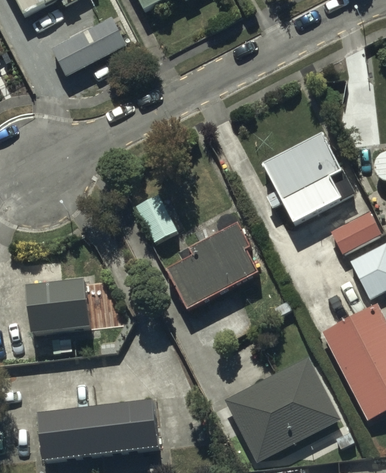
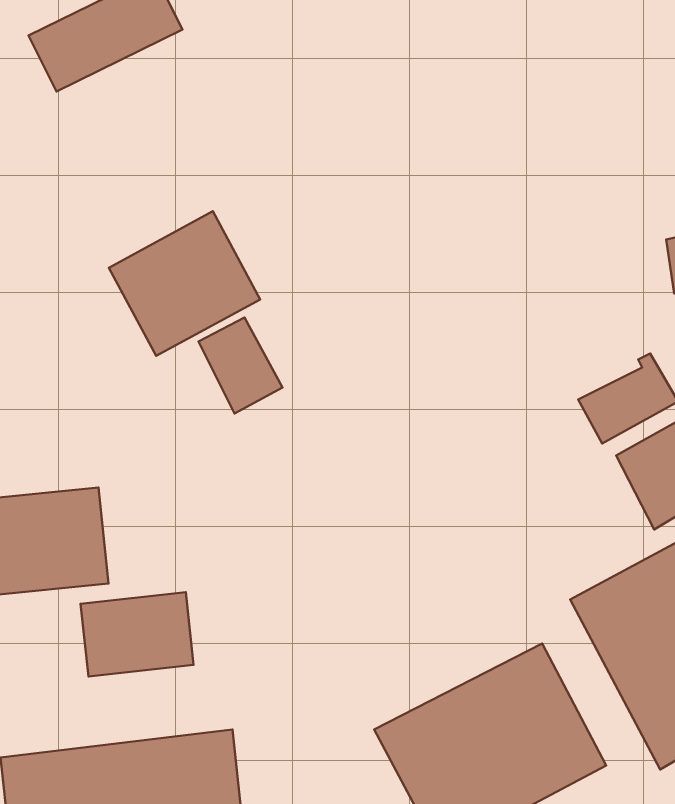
building: [259,133,344,227] -> none
building: none -> [109,211,260,356]
building: [168,220,260,308] -> none
building: none -> [81,592,194,677]

